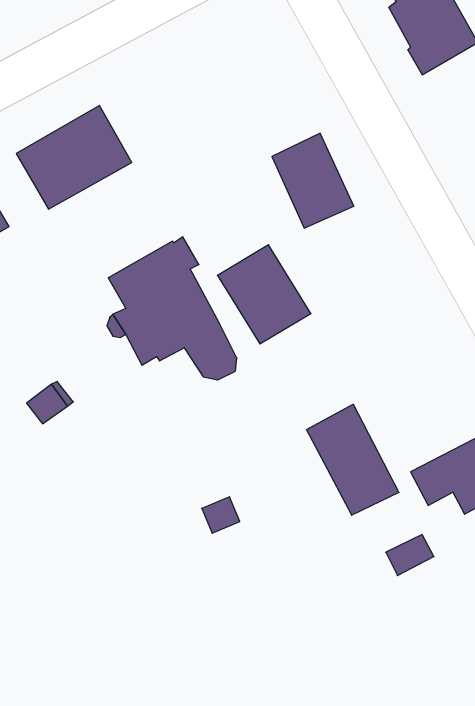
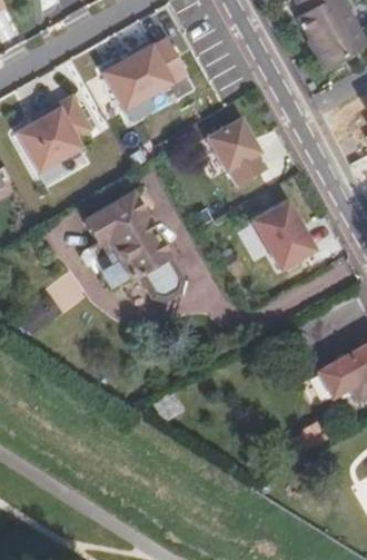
building: none -> [103,46,175,111]
building: [217,245,311,344] -> [250,194,321,269]
building: [307,404,399,515] -> none

